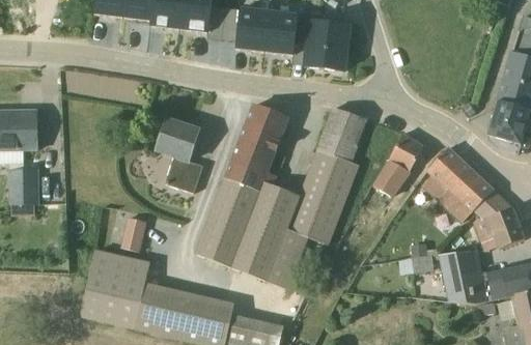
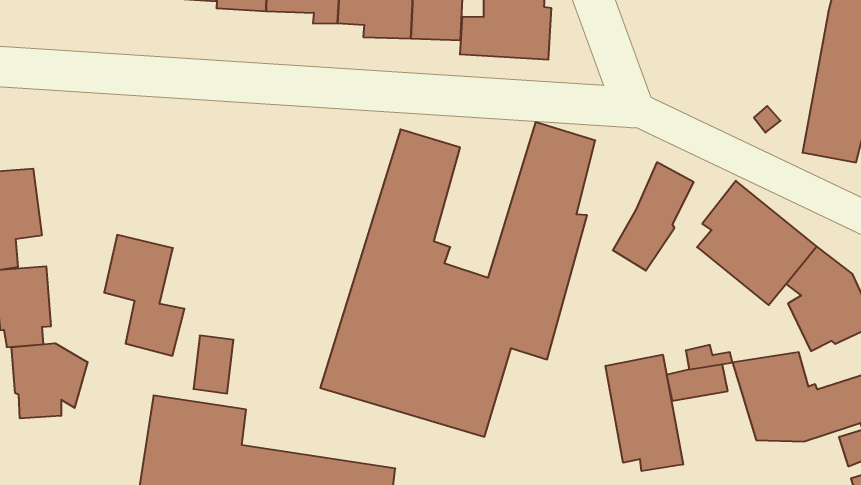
building: [156,117,202,191] -> [104,235,185,356]
building: none -> [11,343,88,418]
building: none -> [606,355,683,471]

